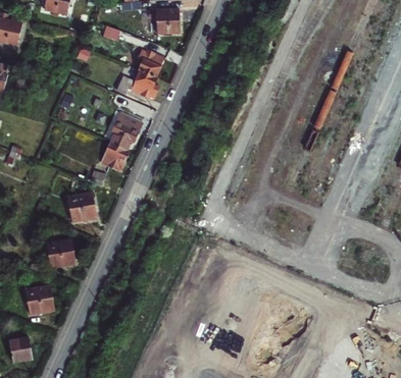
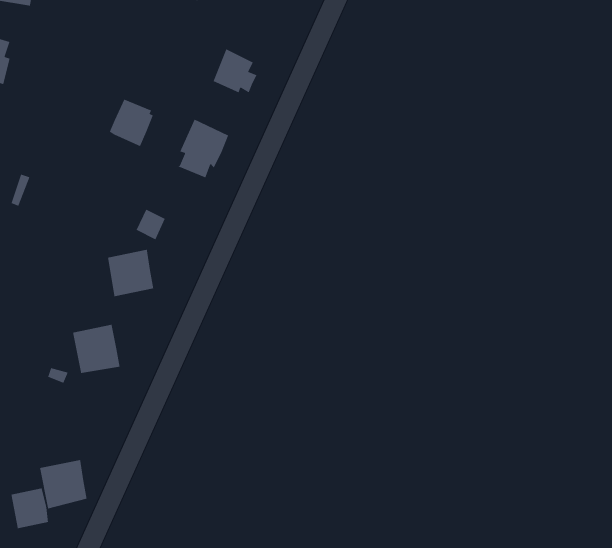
building: [136,51,163,78] -> none
building: [100,143,128,172] -> [109,99,154,147]
building: [23,285,53,316] -> [39,459,88,509]

